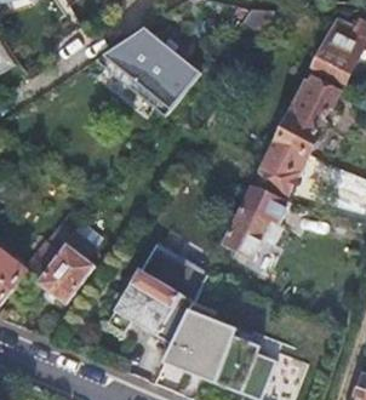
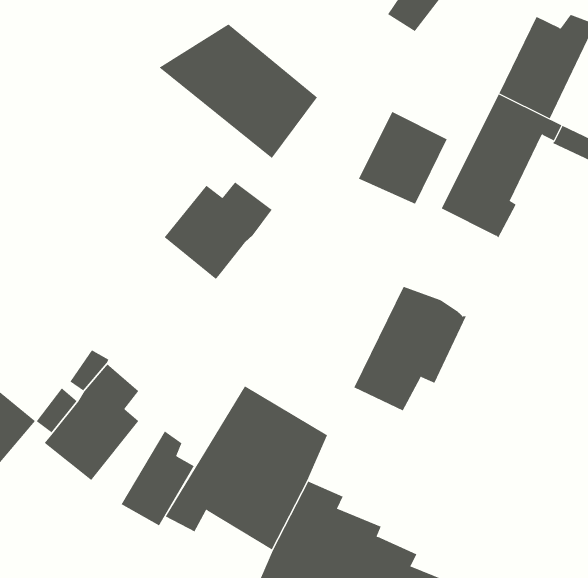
building: none -> [164,182,273,280]
building: [255,137,309,194] -> [358,111,447,205]
building: none -> [121,430,195,526]

